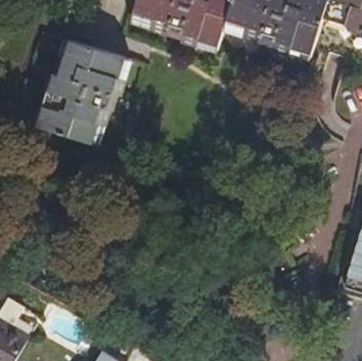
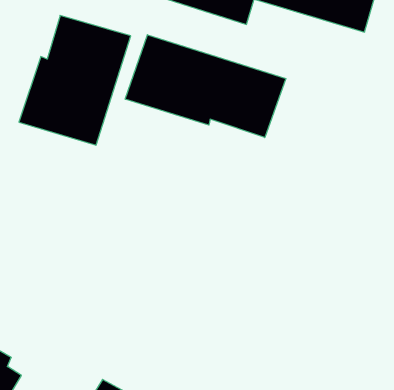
building: none -> [125,35,286,138]

